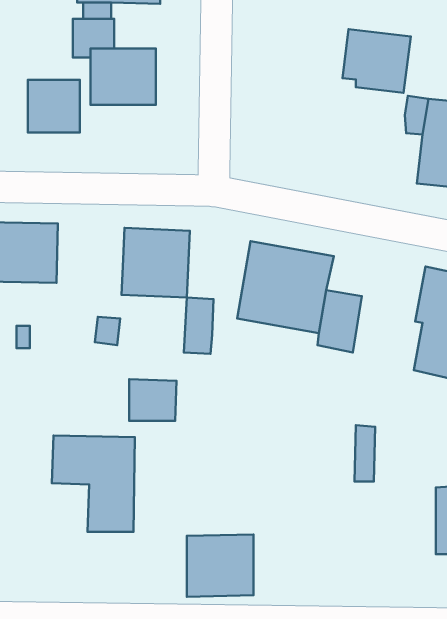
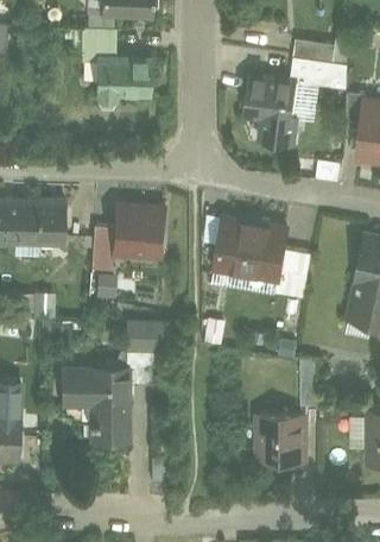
building: none -> [246,75,308,143]
building: [28,80,80,133] -> none
building: [184,298,214,354] -> [95,225,119,270]
building: [187,534,253,597] -> [259,410,312,460]

